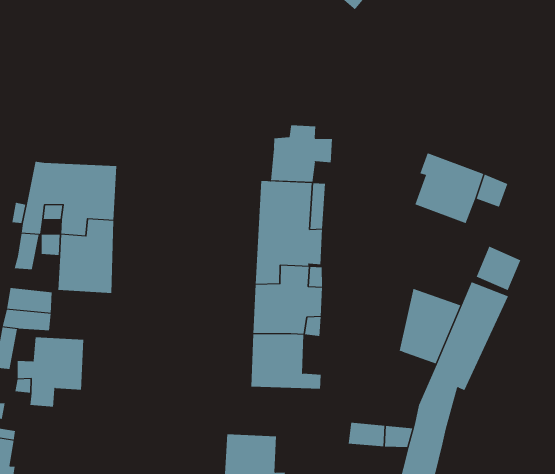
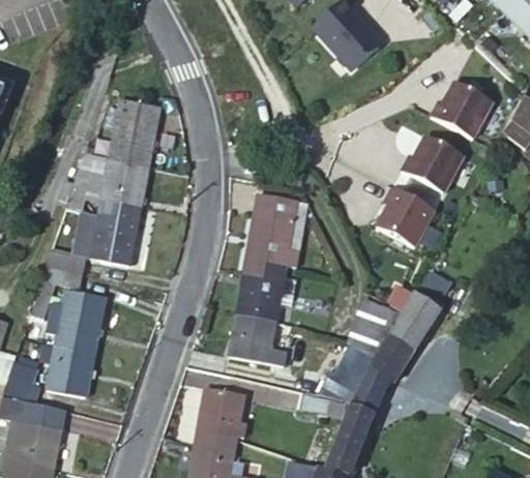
building: none -> [429,82,492,140]
building: none -> [402,137,464,193]
building: none -> [108,100,158,166]
building: [271,125,332,183] -> none
building: none -> [318,341,377,399]
building: none -> [45,333,96,397]

